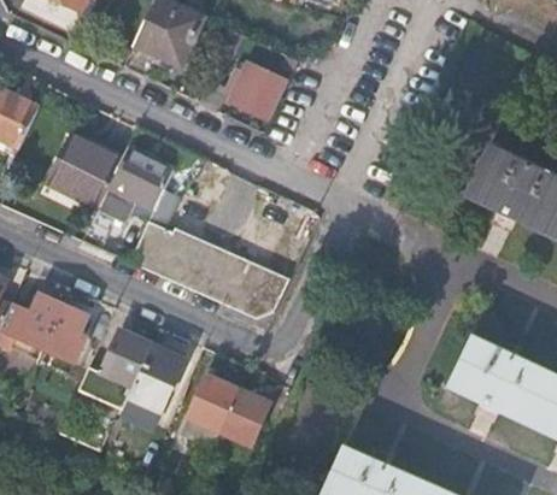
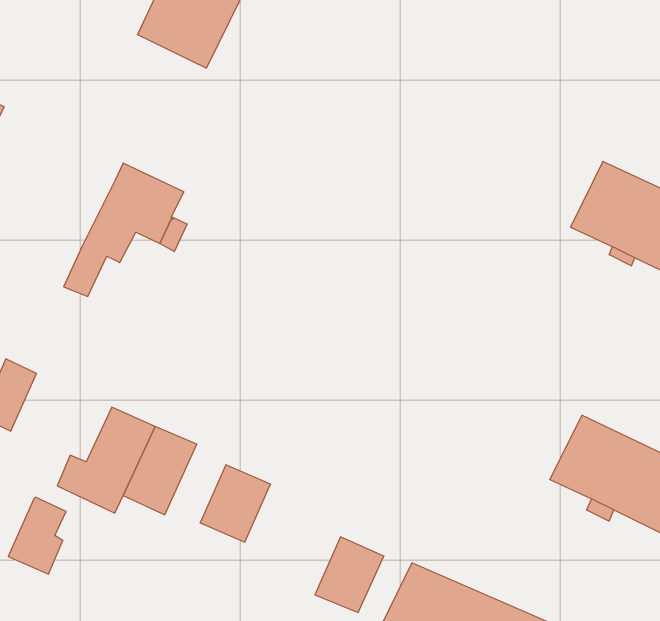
building: [228,60,287,119] -> none
building: [46,135,122,208] -> none
building: [131,220,289,318] -> none
building: [43,304,87,361] -> [8,497,66,574]
building: [219,388,271,444] -> [315,537,384,612]

